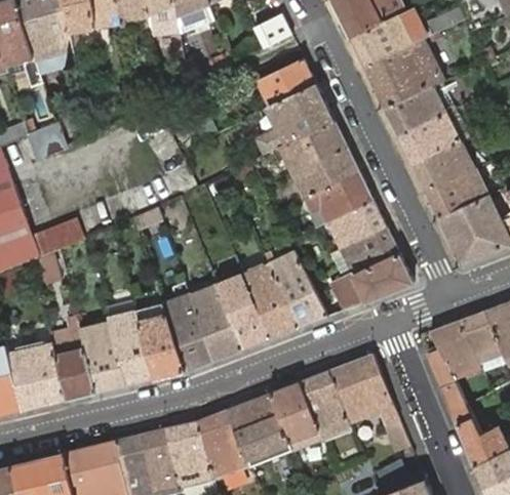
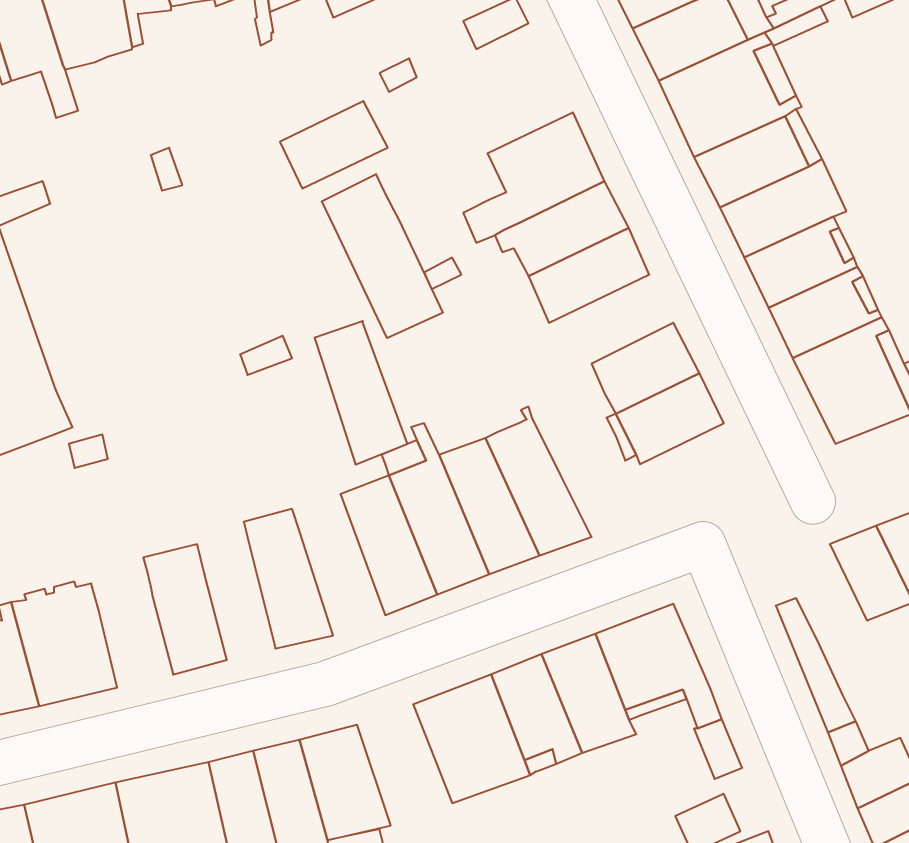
building: [258,57,317,106] -> [280,101,388,189]
building: none -> [322,174,443,338]
building: [304,172,372,226] -> none
building: [32,217,84,256] -> none
building: [336,254,414,308] -> none
building: [162,292,213,371] -> [315,321,408,464]
building: [106,299,153,384] -> none
building: [49,318,96,400] -> none
building: [431,321,479,373] -> none
building: [198,409,250,479] -> none

